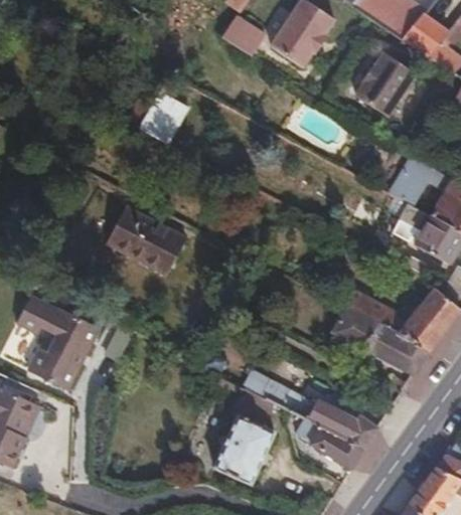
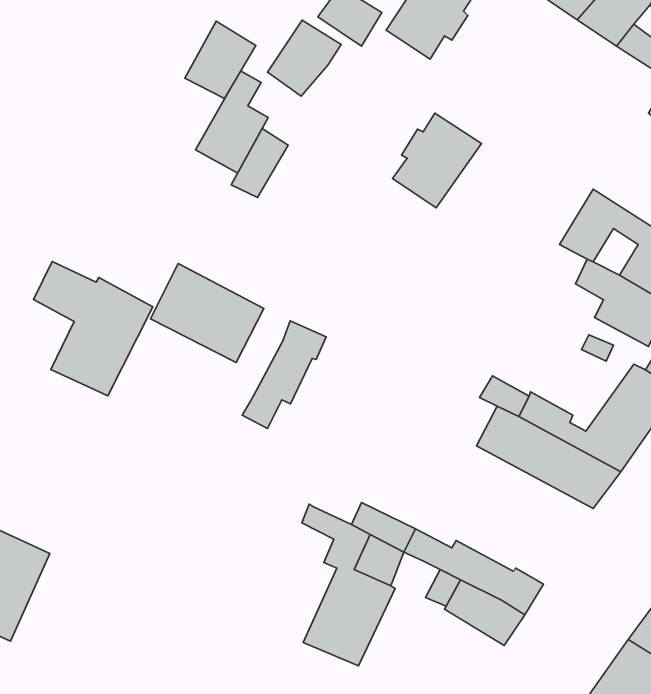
building: none -> [268,20,341,96]
building: none -> [185,21,256,98]
building: [354,51,416,117] -> [393,113,481,208]
building: none -> [231,129,288,198]
building: none -> [242,321,326,428]
building: [15,298,98,390] -> [33,262,153,396]

